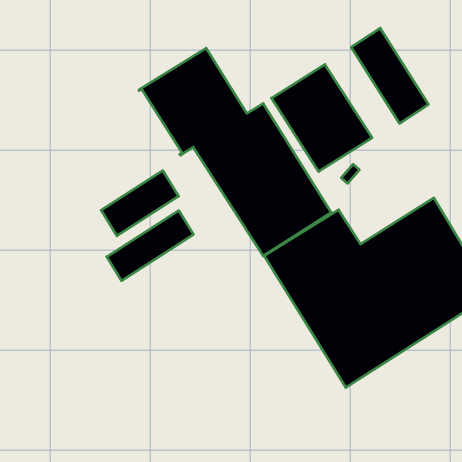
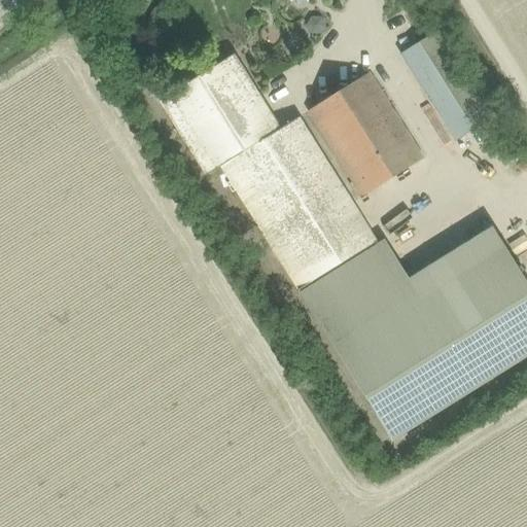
building: [101,171,179,236] -> none
building: [107,211,193,281] -> none

